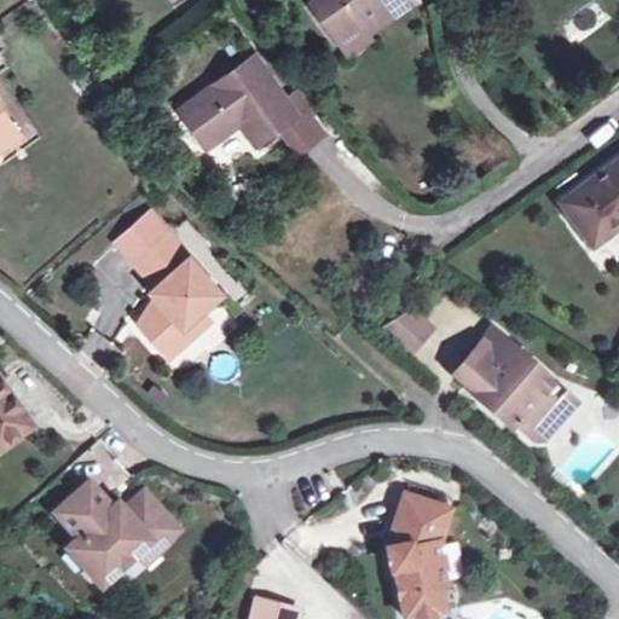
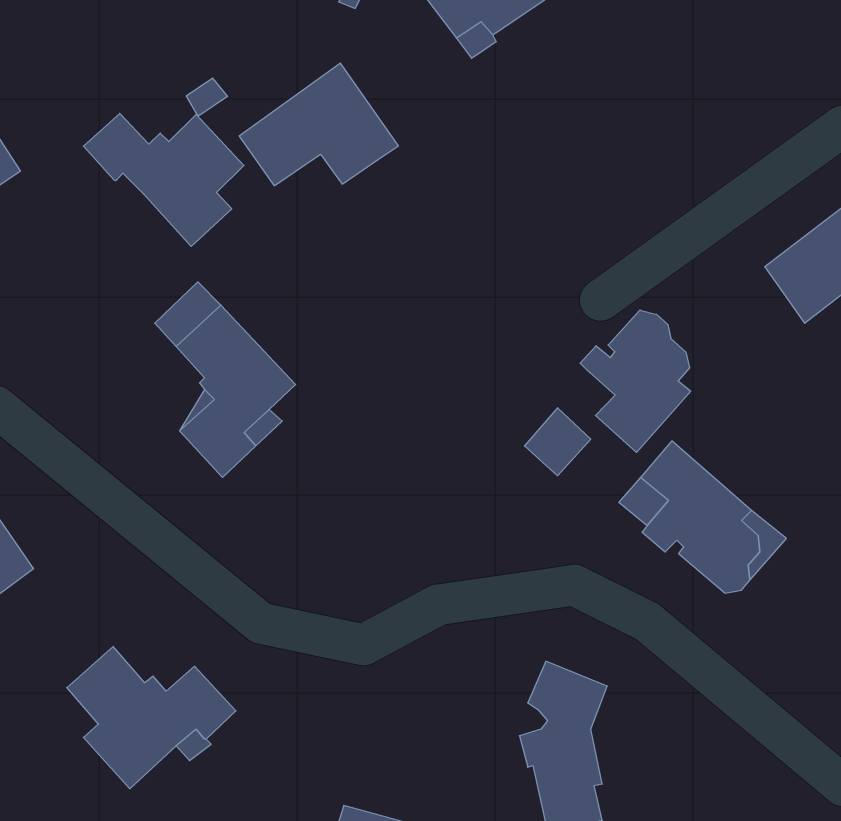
building: [280,92,325,152] -> none
building: none -> [83,113,244,246]
building: none -> [580,310,691,452]

